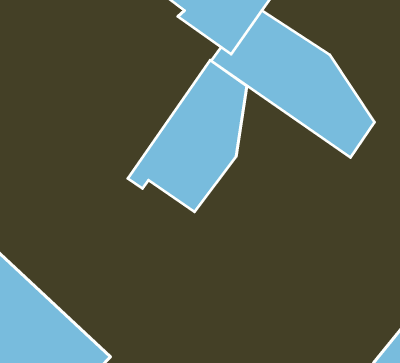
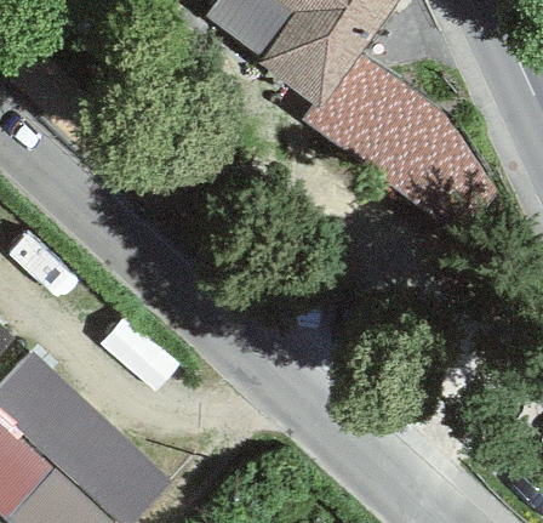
building: [128,60,247,212] -> none

